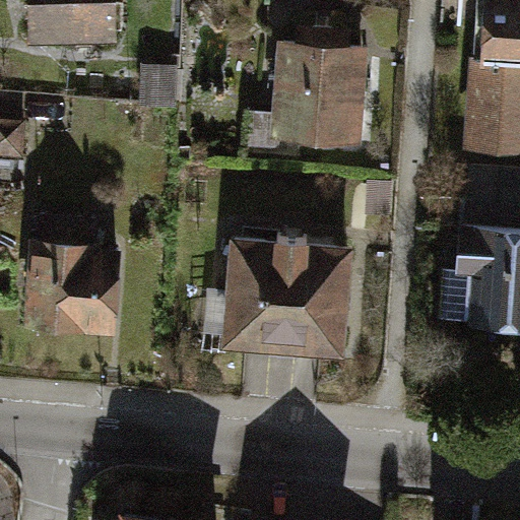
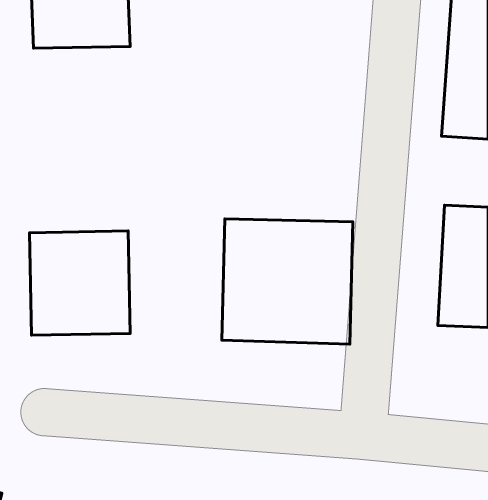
building: [247,39,373,142] -> none

